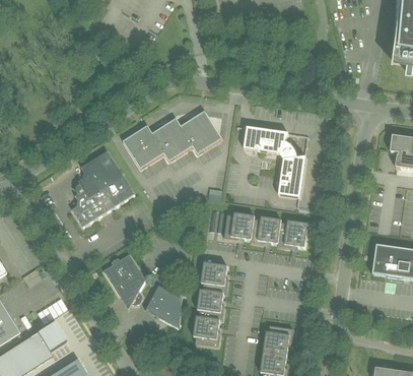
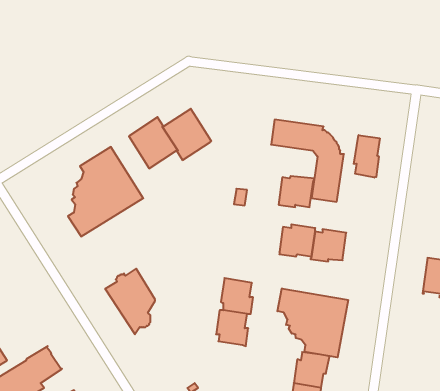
building: [180,110,221,152] -> none
building: none -> [354,135,380,178]
building: [223,212,254,239] -> [279,176,314,207]
building: none -> [277,288,348,357]
building: [144,285,181,327] -> none
building: [192,315,219,346] -> none

